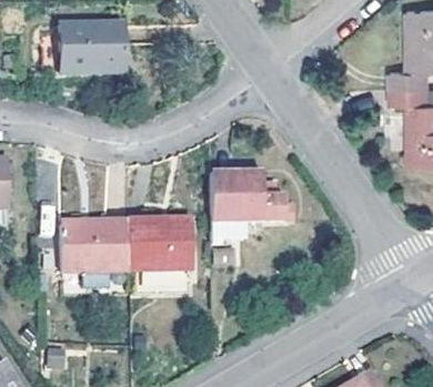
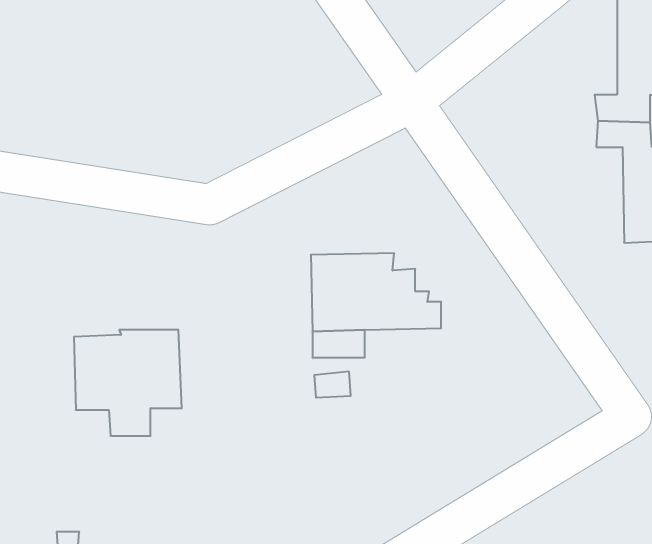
building: [58,23,124,72] -> none
building: [125,217,193,269] -> none

